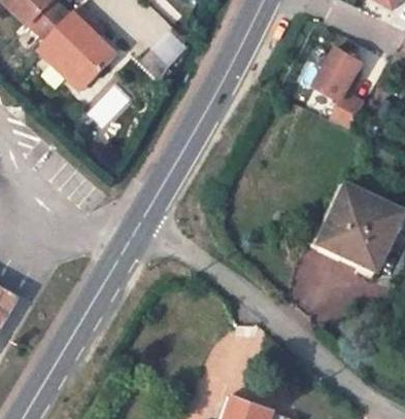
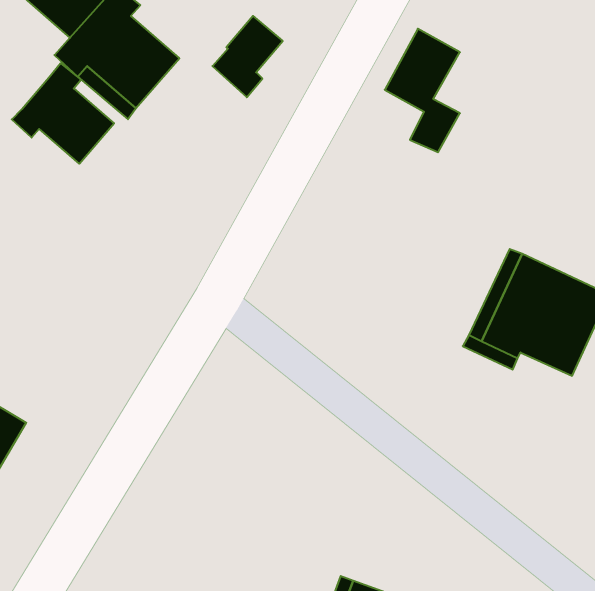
building: [310,47,360,129] -> [385,29,460,152]
building: none -> [12,63,114,164]

